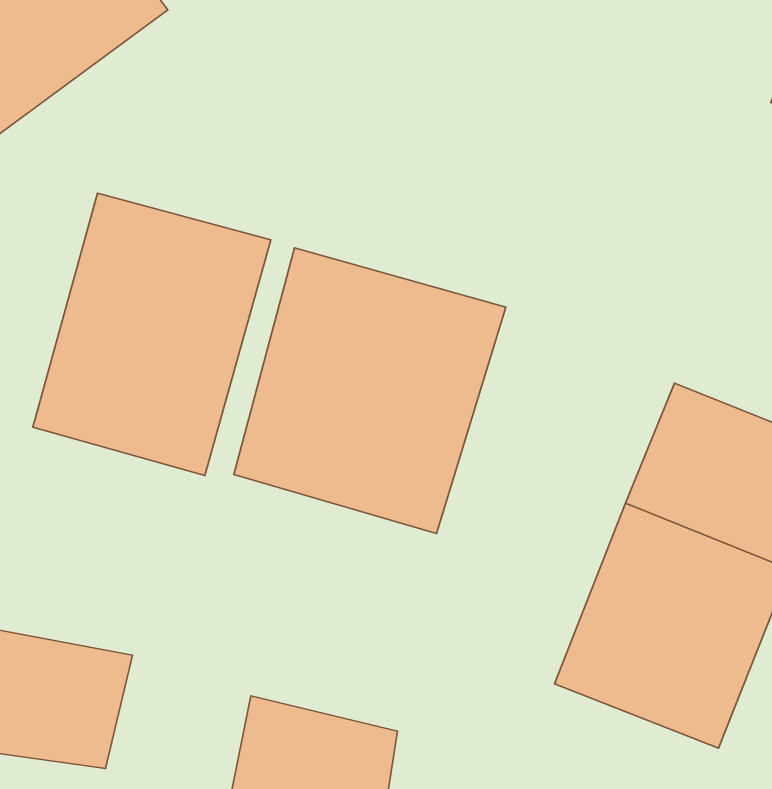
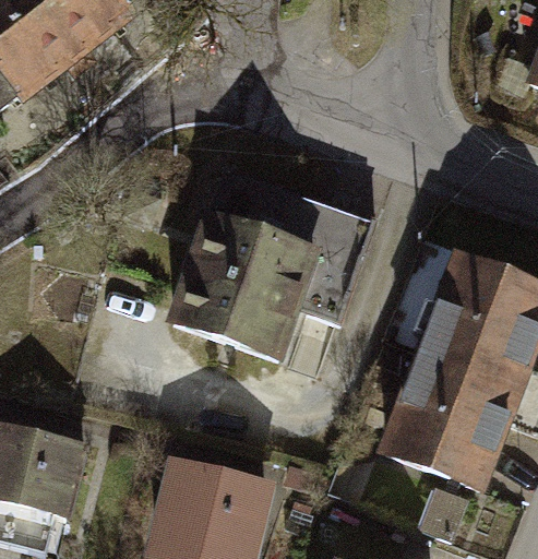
building: [33,193,271,475] -> none

